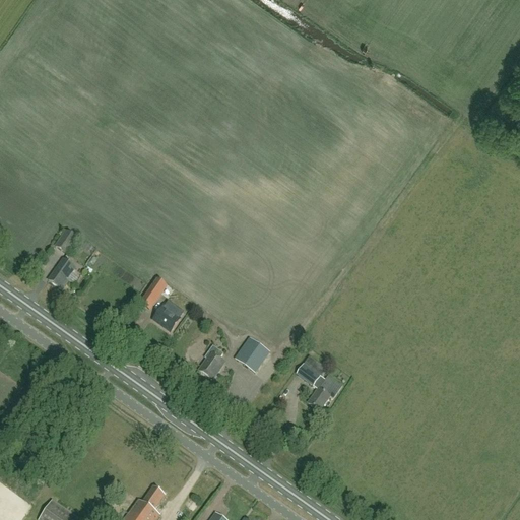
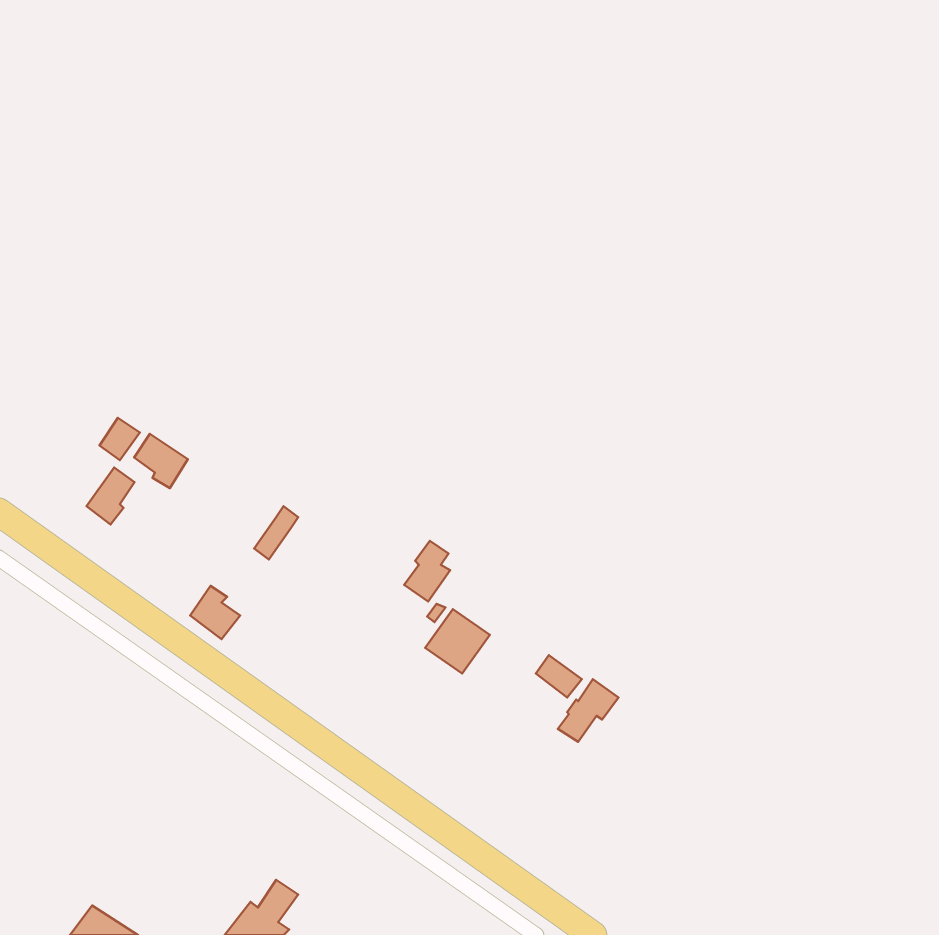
building: none -> [134,434,188,488]
building: [152,302,180,331] -> [190,586,240,639]
building: [198,345,223,379] -> [404,541,450,601]

